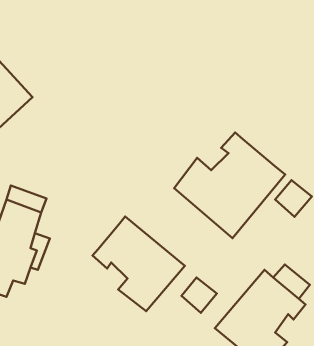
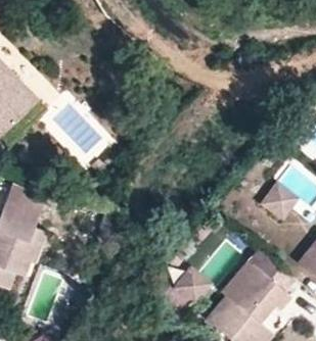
building: [174,132,285,238] -> none
building: [93,216,185,311] -> none

